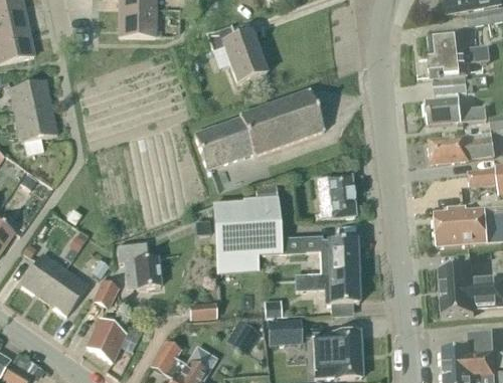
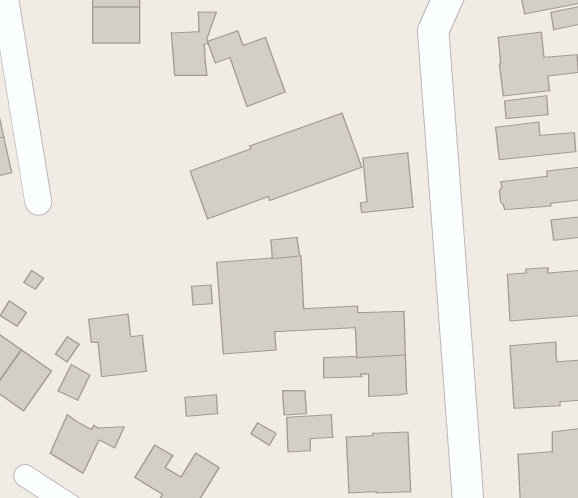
building: none -> [171,12,216,76]
building: [316,174,356,219] -> [360,153,413,212]

